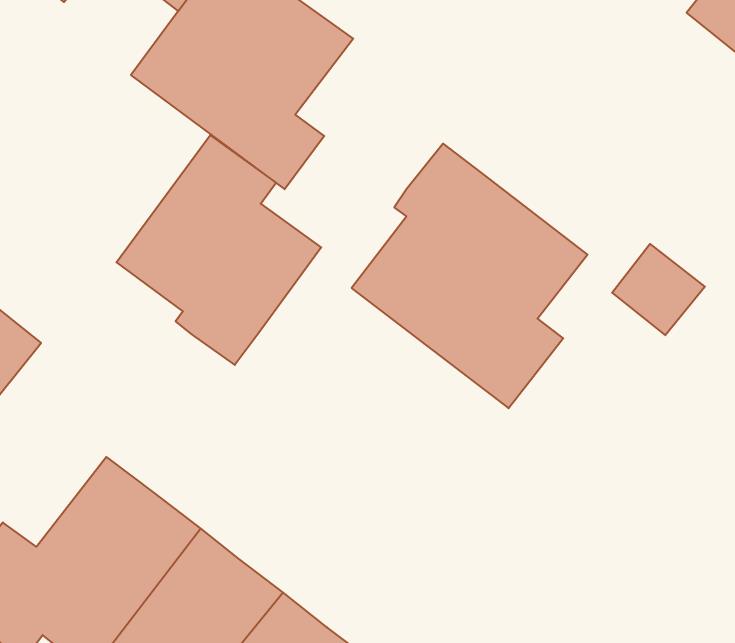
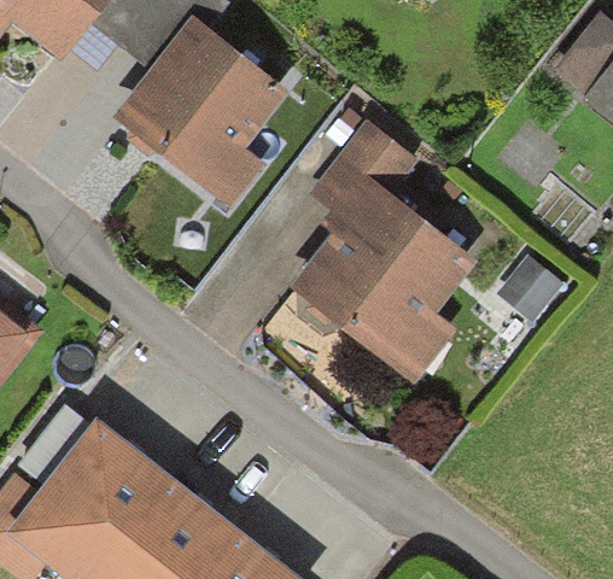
building: none -> [308,117,421,210]
building: [116,135,321,365] -> none

